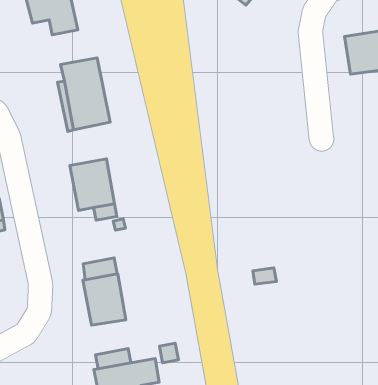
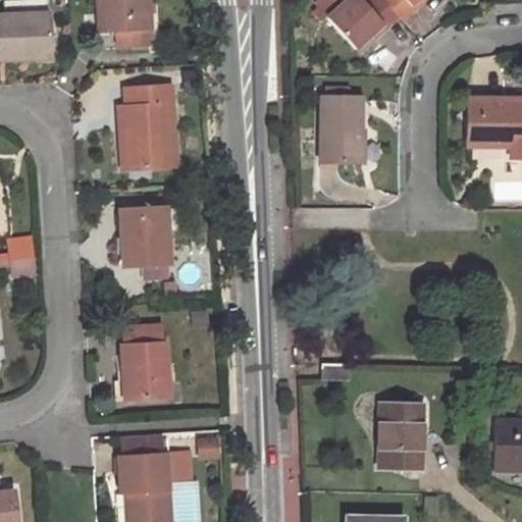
building: none -> [320,96,362,161]
building: none -> [380,402,422,471]

